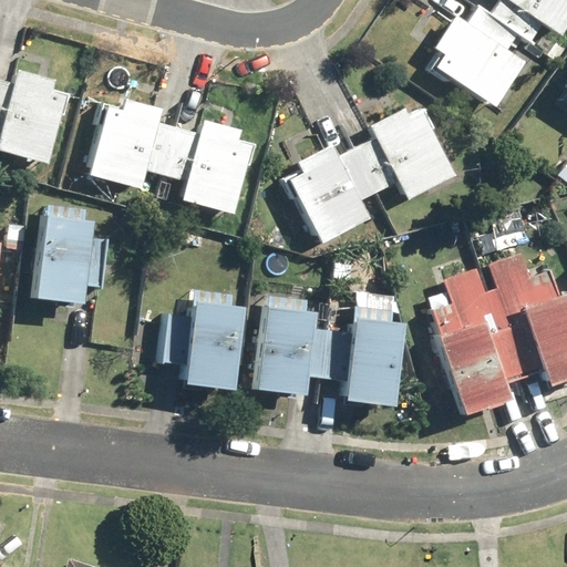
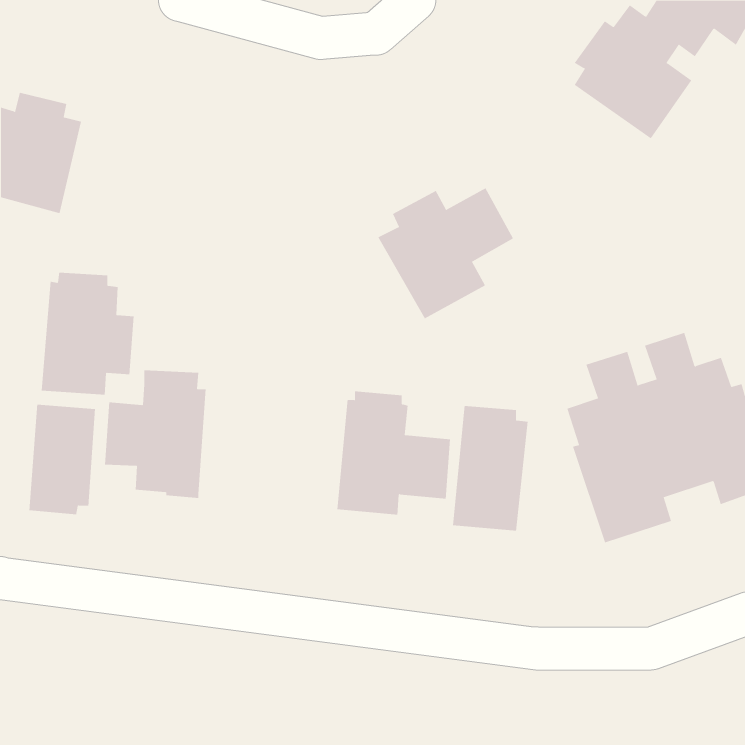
building: [90,100,255,213] -> none
building: [370,111,456,200] -> none
building: [162,291,239,389] -> [104,370,206,499]
building: none -> [29,404,95,515]

